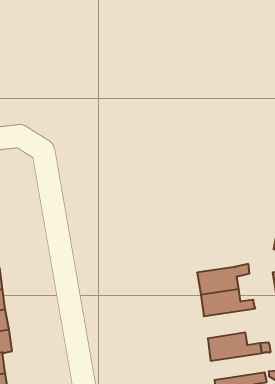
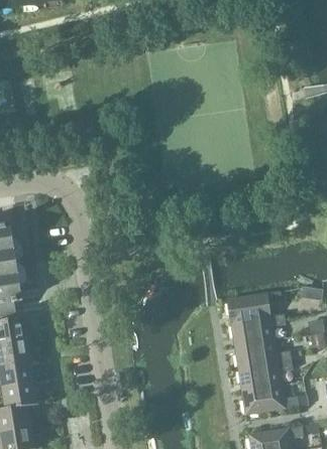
building: none -> [227,290,283,321]
building: none -> [238,358,293,390]

